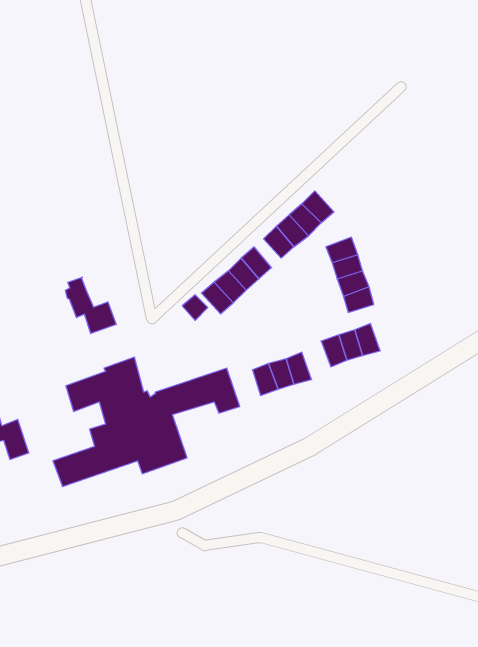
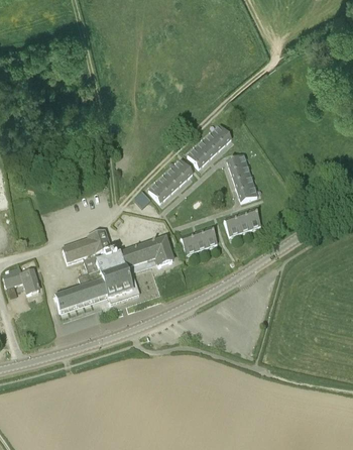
building: [65,277,116,334] -> none

